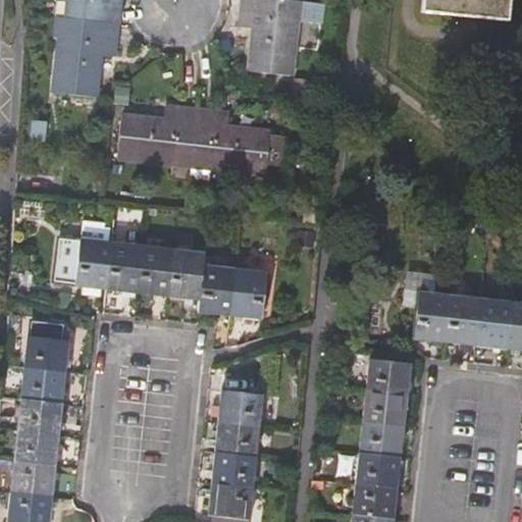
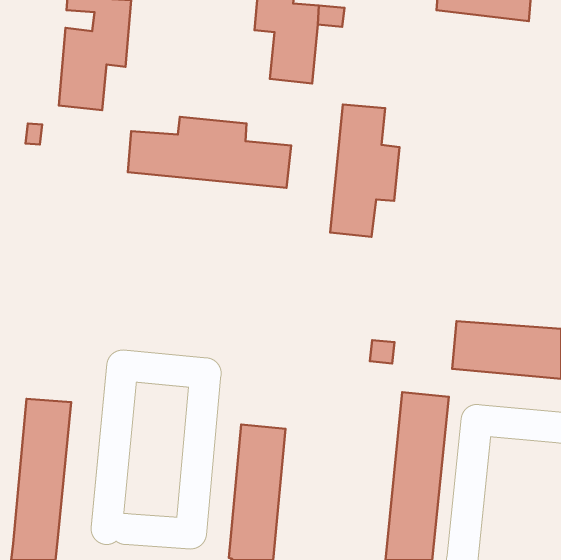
building: none -> [330,104,399,237]
building: [55,234,266,315] -> none
building: [24,321,68,369] -> none

